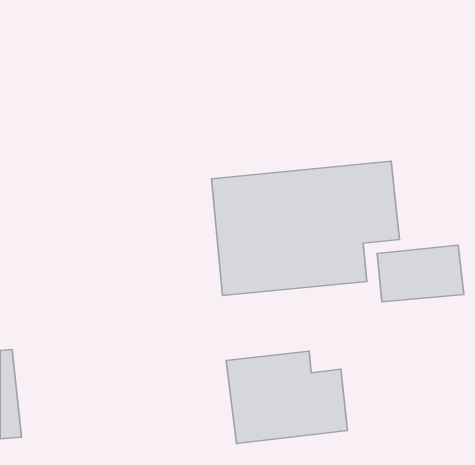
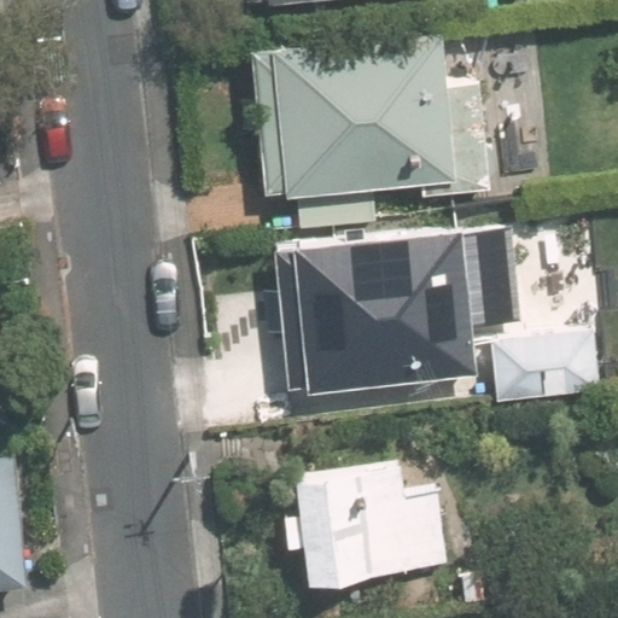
building: none -> [250,33,456,199]

